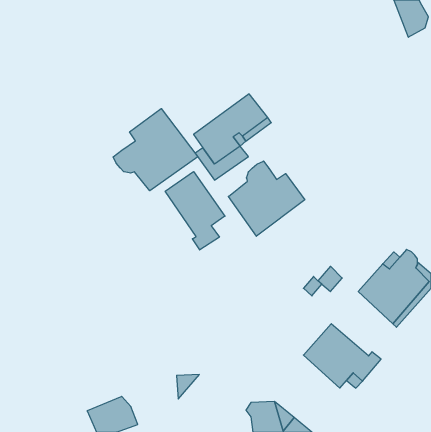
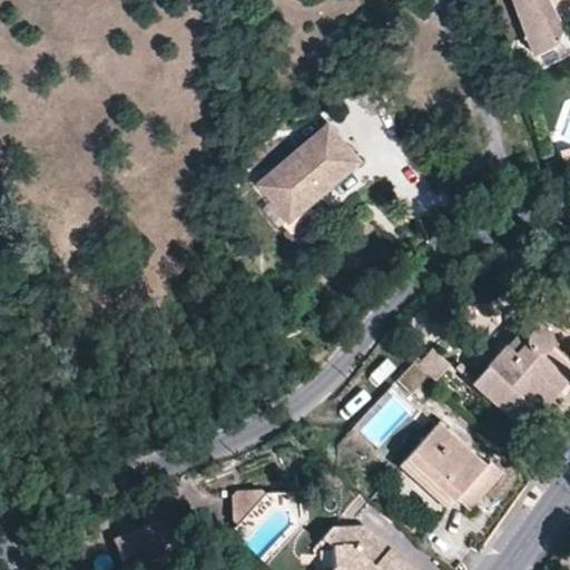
building: [113,109,198,191] -> none
building: [228,161,305,236] -> none
building: [165,172,225,250] -> none

